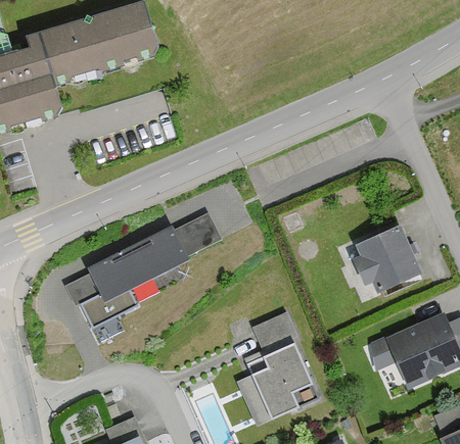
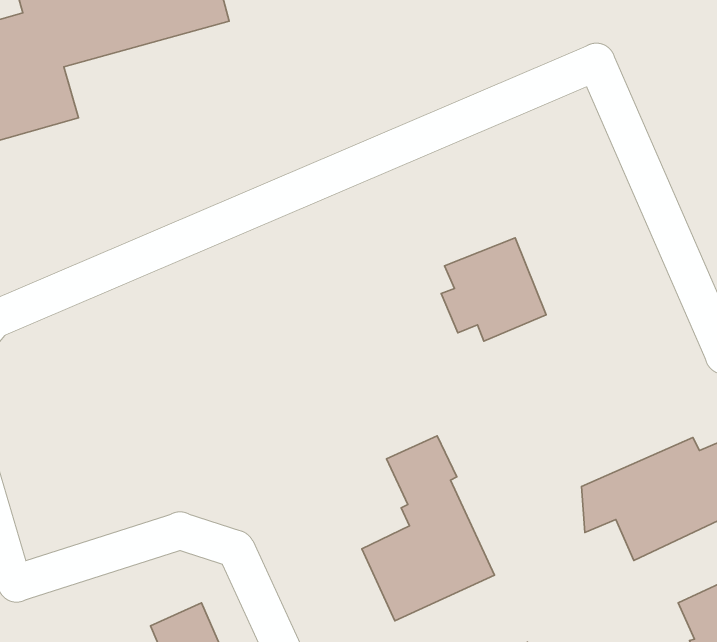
building: [66,213,220,330] -> none
building: [354,226,419,290] -> [441,238,546,341]

